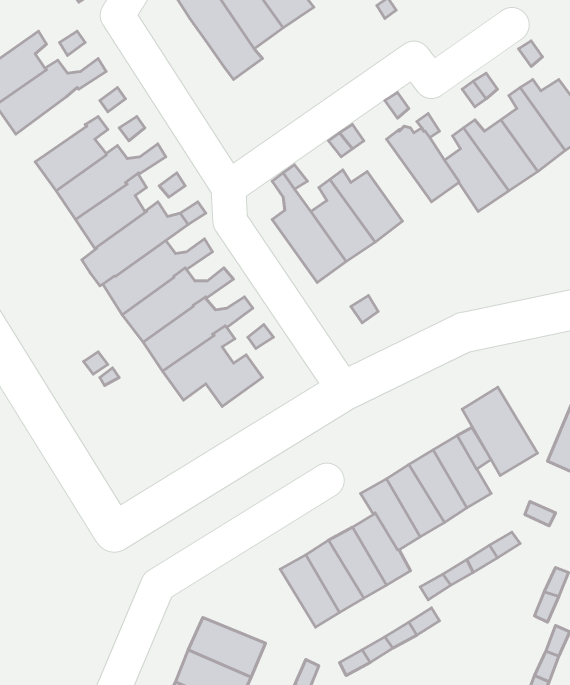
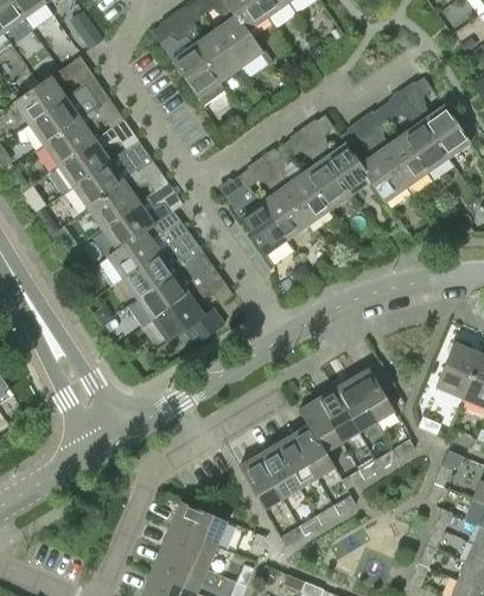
building: none -> [44,112,98,166]
building: none -> [302,150,350,210]
building: [462,387,538,475] -> none

